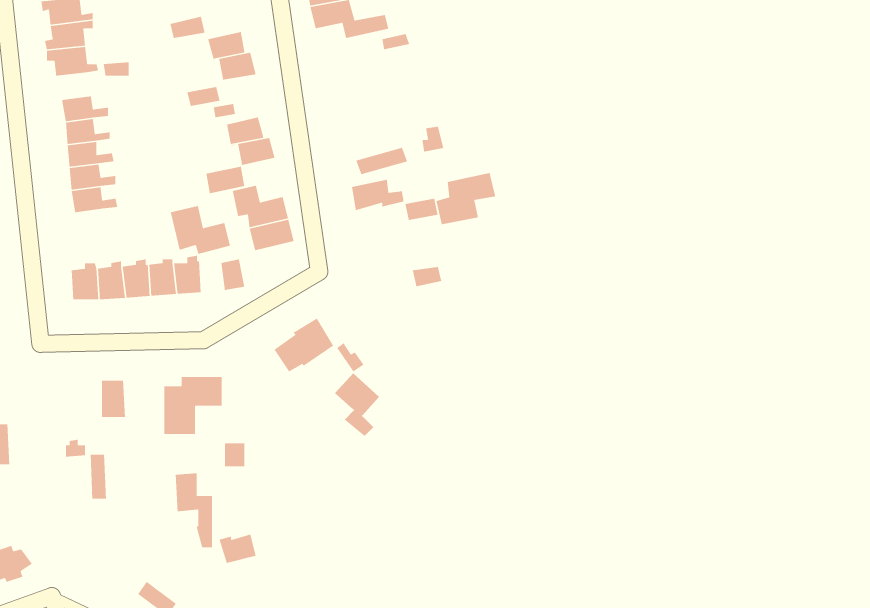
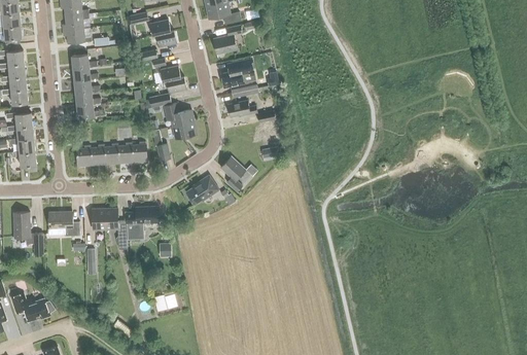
building: none -> [213,25,243,54]
building: [435,172,496,225] -> [221,59,254,87]
building: [170,205,231,255] -> none
building: [334,372,380,437] -> [221,156,246,191]
building: none -> [49,210,80,235]
building: [175,472,213,548] -> [105,208,126,249]

